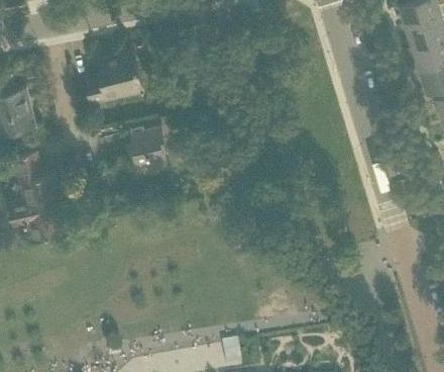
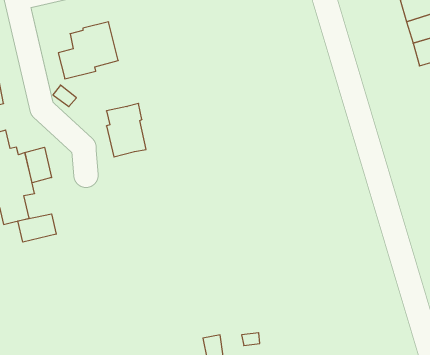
building: none -> [25,147,52,183]
building: none -> [18,214,56,242]

